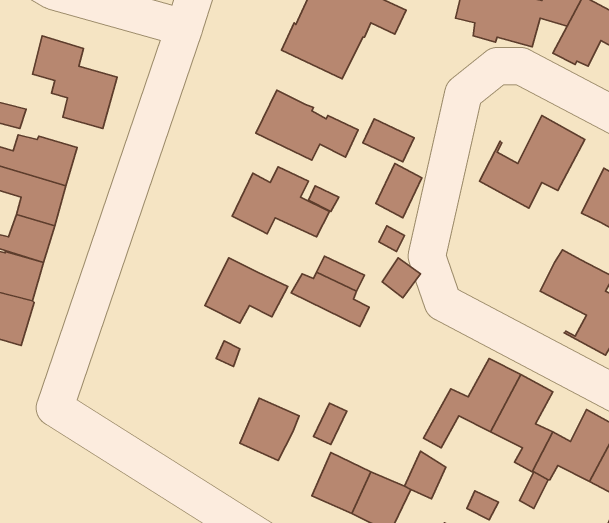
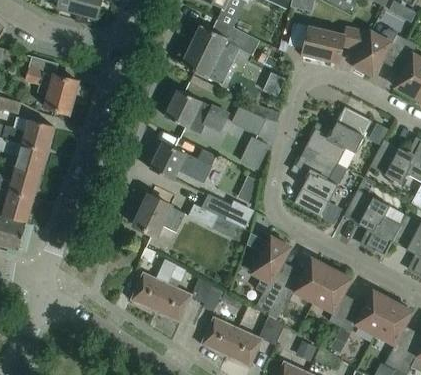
building: none -> [291,146,346,223]
building: none -> [251,233,290,312]
building: none -> [130,258,176,310]

